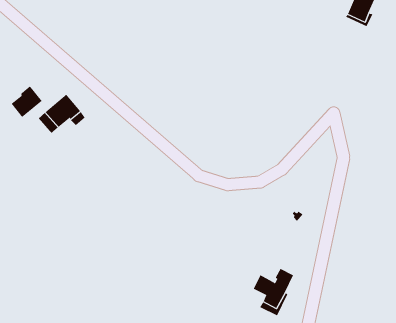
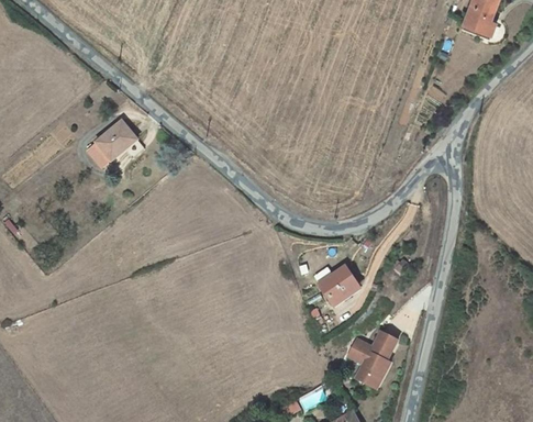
building: [11,86,42,118] -> none
building: none -> [318,264,359,307]

